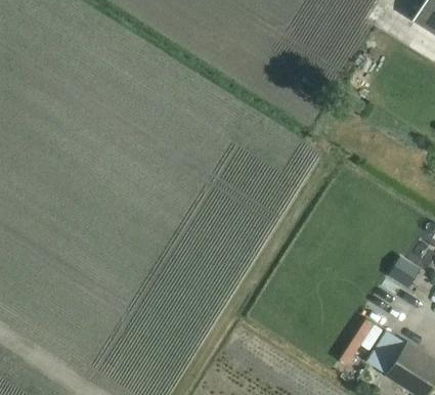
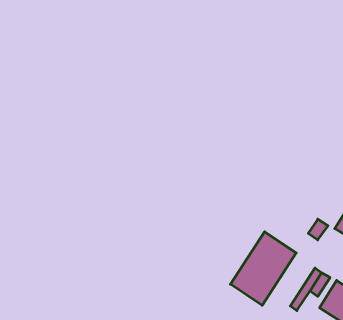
building: none -> [230,232,296,305]

